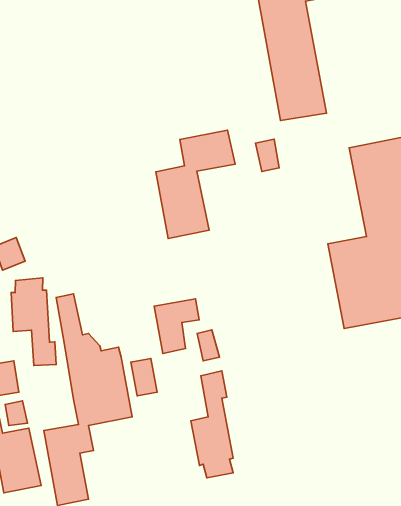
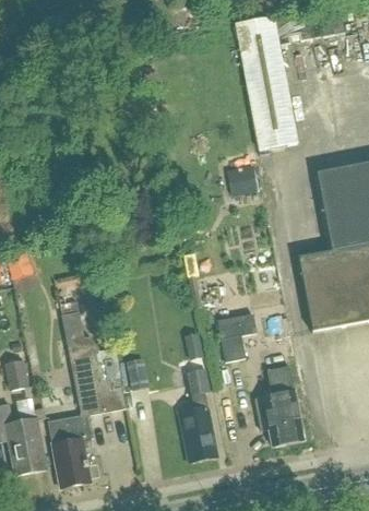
building: [156,130,235,238] -> none
building: [11,278,56,366] -> none
building: [154,299,199,353] -> [217,313,257,361]
building: none -> [255,366,306,447]

